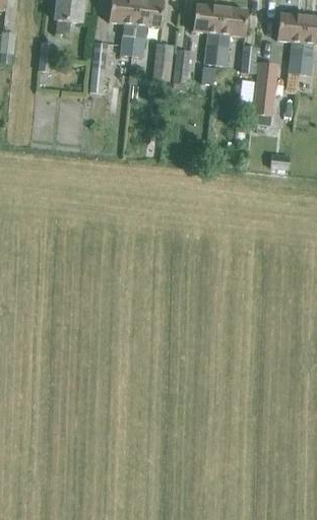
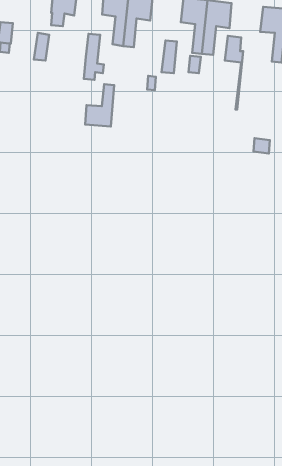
building: [153,42,173,79] -> none
building: [253,60,276,124] -> none
building: none -> [85,84,114,126]

